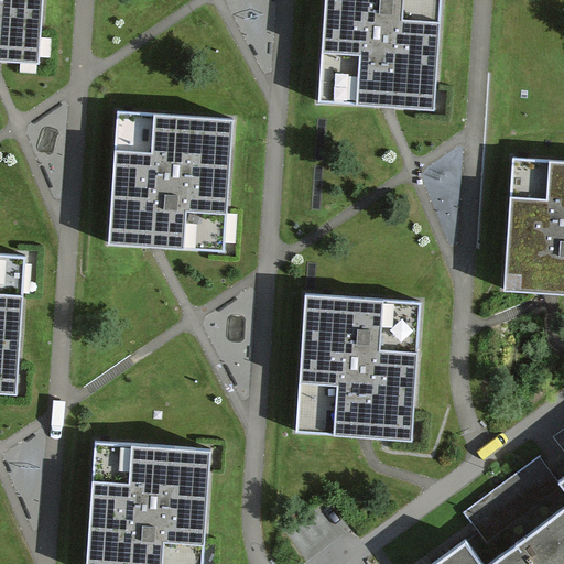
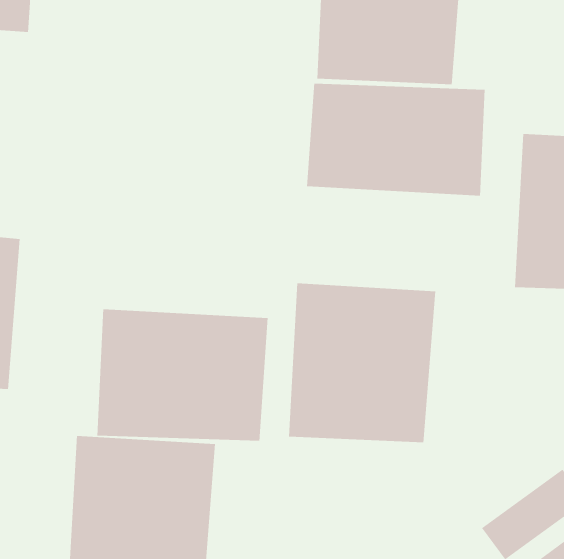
building: [106,101,243,250] -> none
building: none -> [307,83,485,196]
building: none -> [97,309,268,441]

